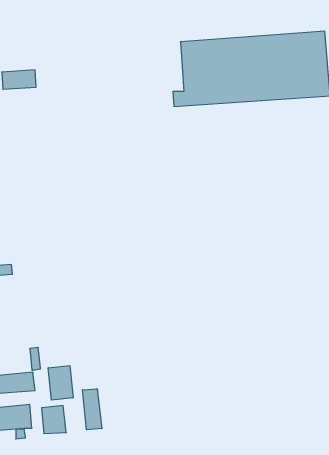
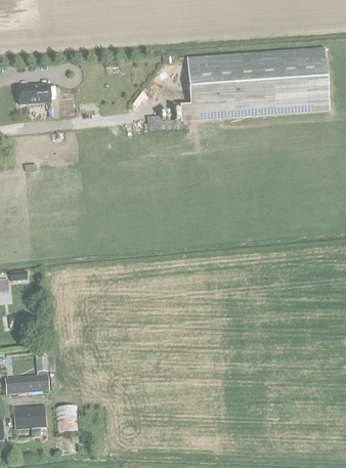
building: [48,366,73,400] -> none
building: [83,389,102,430] -> none

